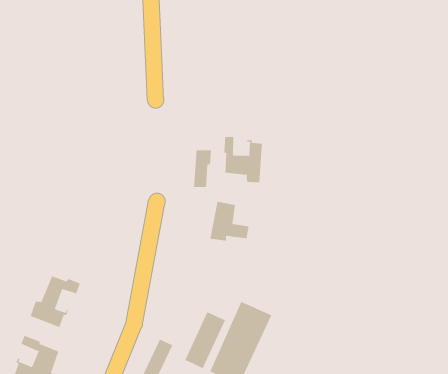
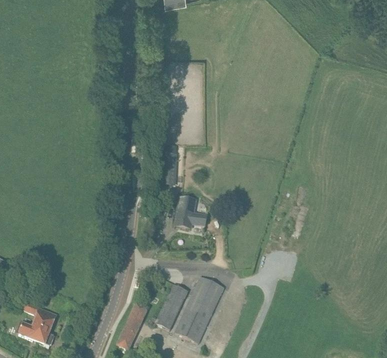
building: [224,136,262,183] -> none
building: [30,275,81,328] -> none

